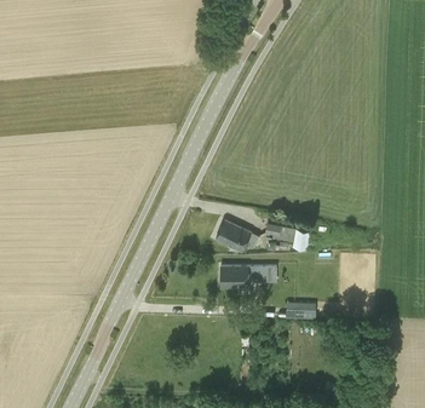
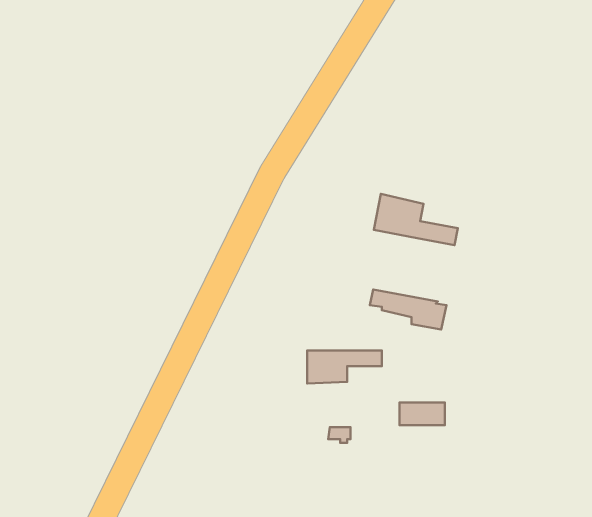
building: none -> [374,194,458,245]
building: [214,219,258,252] -> none

